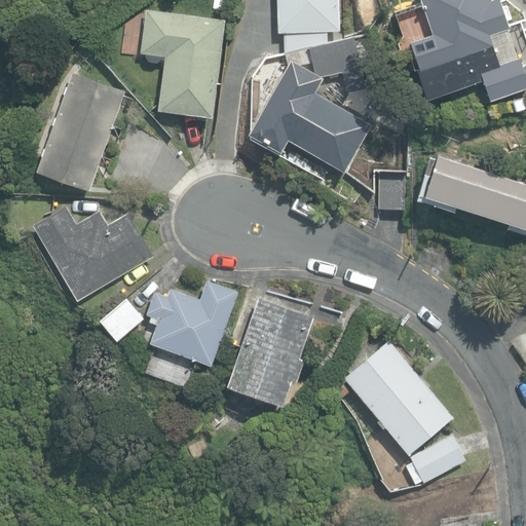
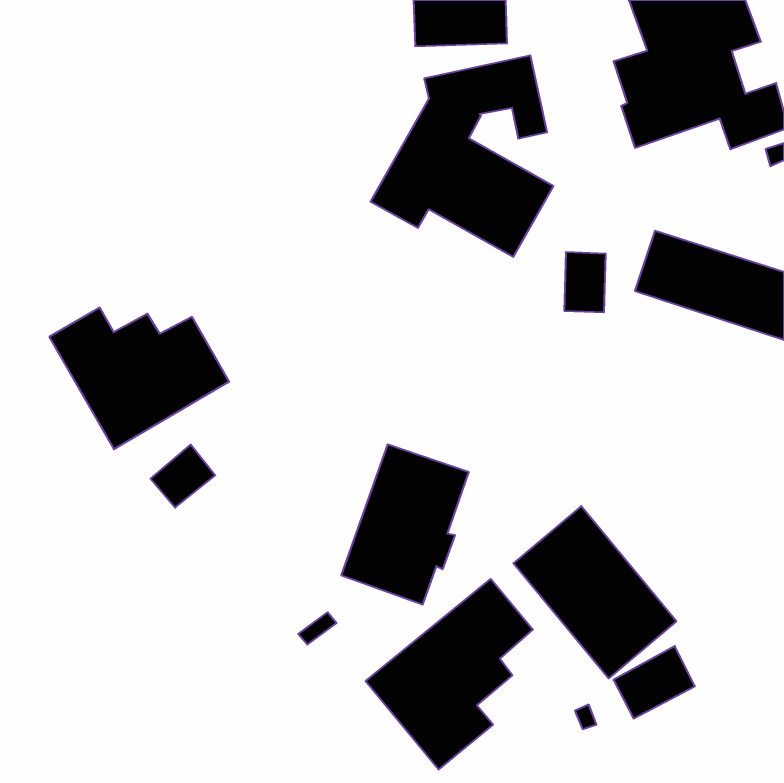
building: [142,11,224,118] -> none
building: [37,74,125,192] -> none
building: [146,280,237,366] -> none
building: none -> [366,579,533,770]

